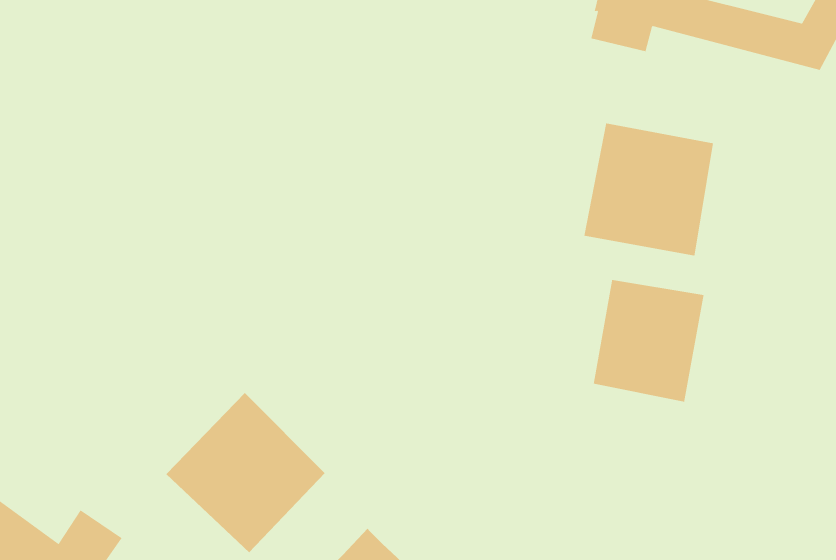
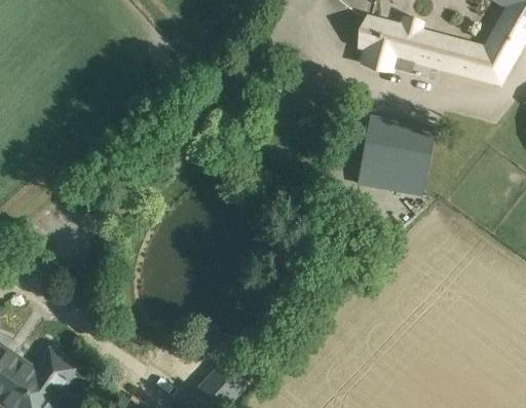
building: [593,279,704,403] -> none
building: [166,392,326,553] -> none

